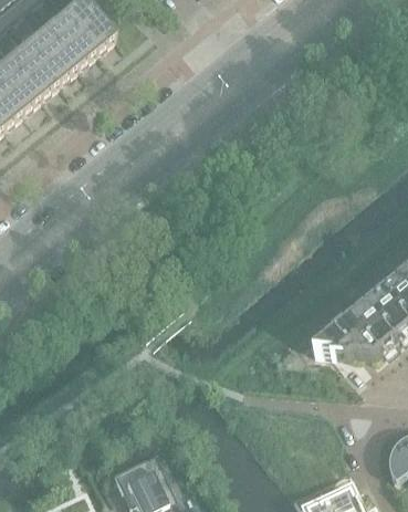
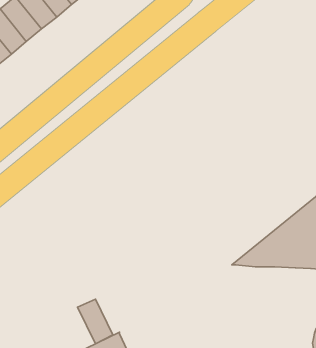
building: none -> [77,299,113,344]

